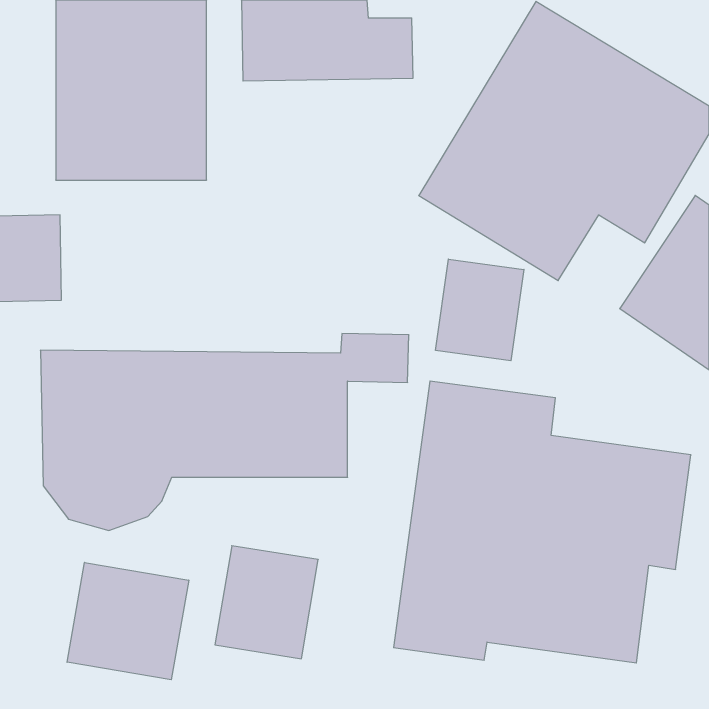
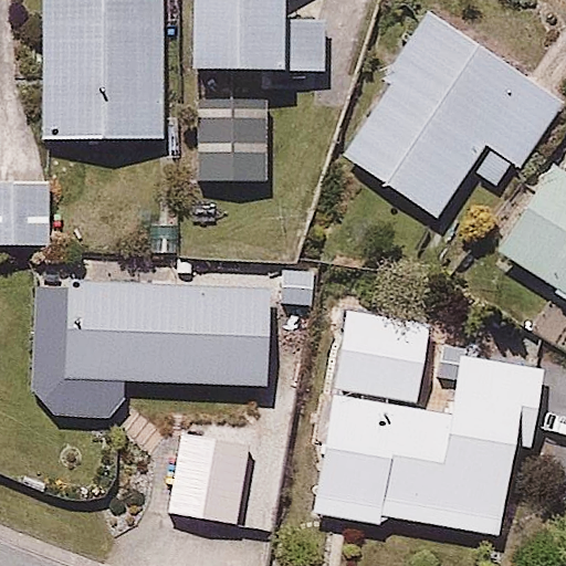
building: none -> [196,101,271,184]
building: [436,259,524,361] -> none
building: [67,562,189,680] -> none

